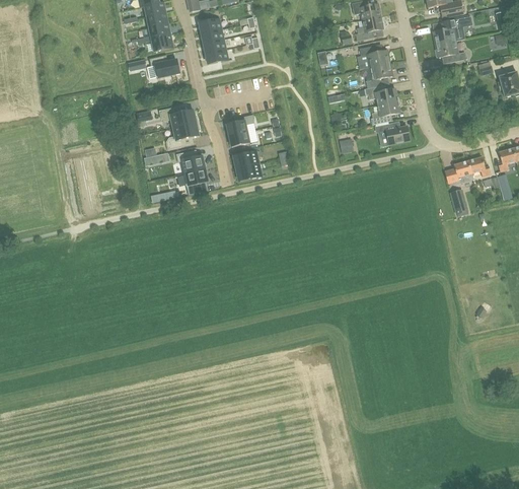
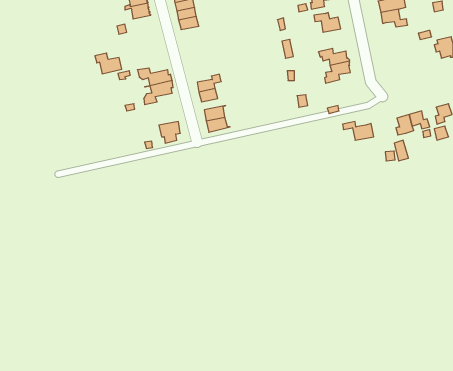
building: [148,54,178,77] -> [95,53,122,74]
building: [366,62,392,87] -> none
building: [374,122,410,143] -> [343,122,374,140]
building: [175,149,205,171] -> none

